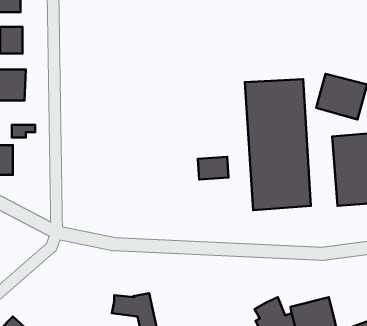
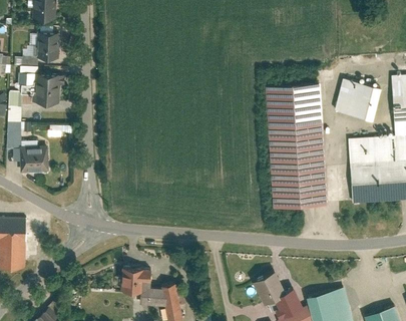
building: [198,157,228,179] -> none
building: none -> [120,267,151,293]
building: none -> [253,272,285,305]

